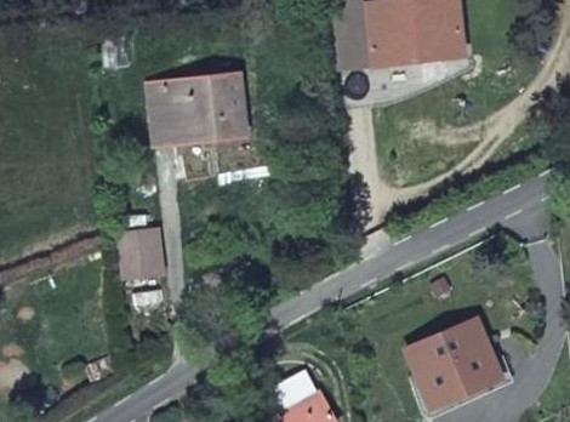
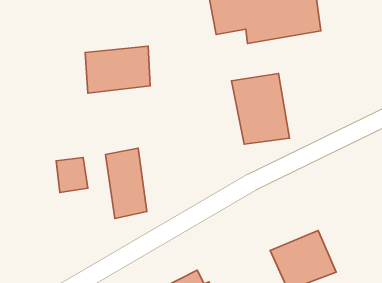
building: none -> [231,74,290,144]
building: none -> [106,148,147,218]

